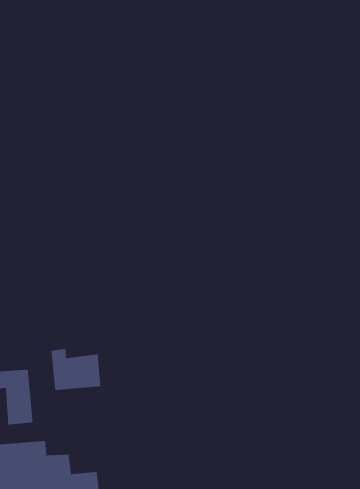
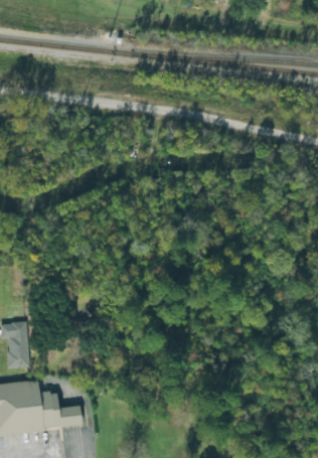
building: [50,348,101,391] -> none

